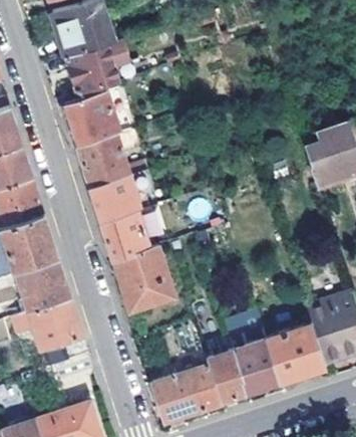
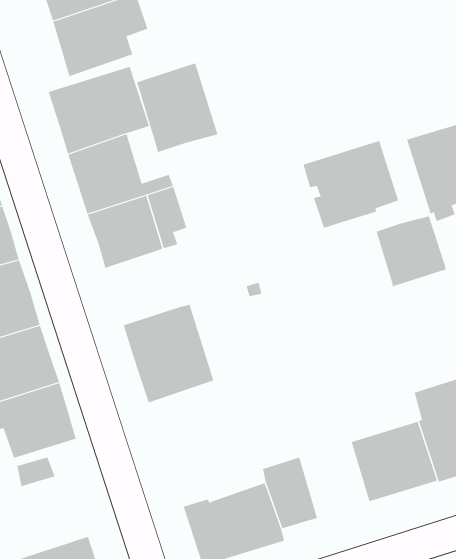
building: none -> [136,62,218,153]
building: none -> [303,140,399,229]
building: none -> [376,215,446,287]
building: [100,210,149,260] -> none
building: [222,311,277,390] -> none

